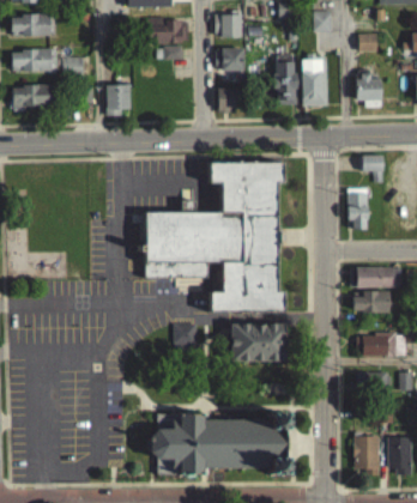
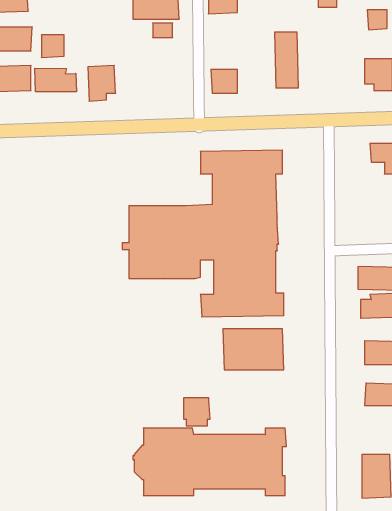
building: [222,47,244,71] -> none
building: [301,59,327,105] -> none
building: none -> [35,68,76,92]
building: [348,187,367,229] -> none
building: [171,322,195,347] -> [184,398,210,426]

